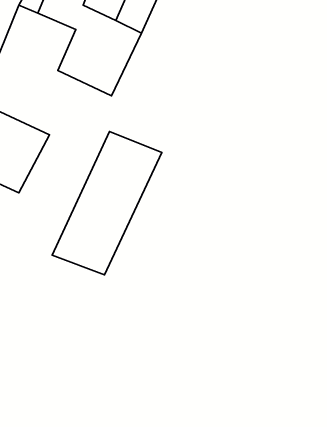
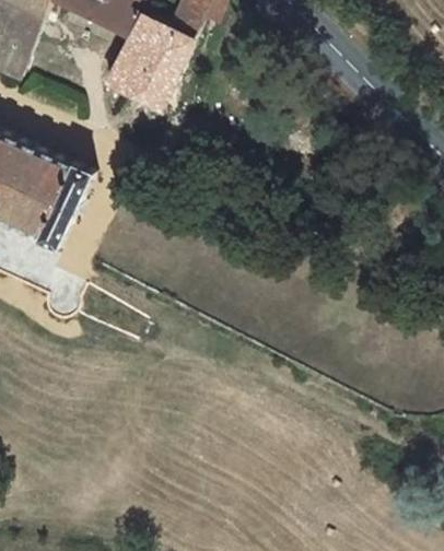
building: [52,131,162,275] -> none

